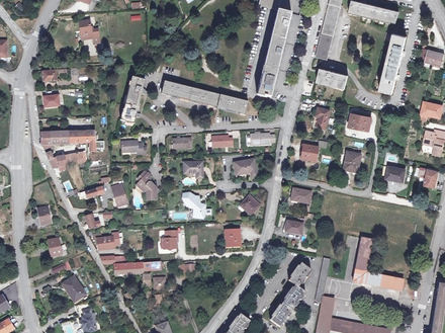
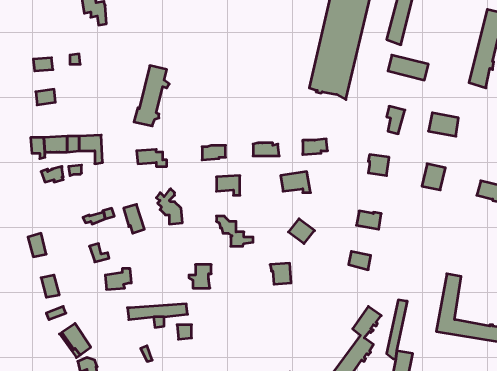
building: [161,80,248,114] -> none

